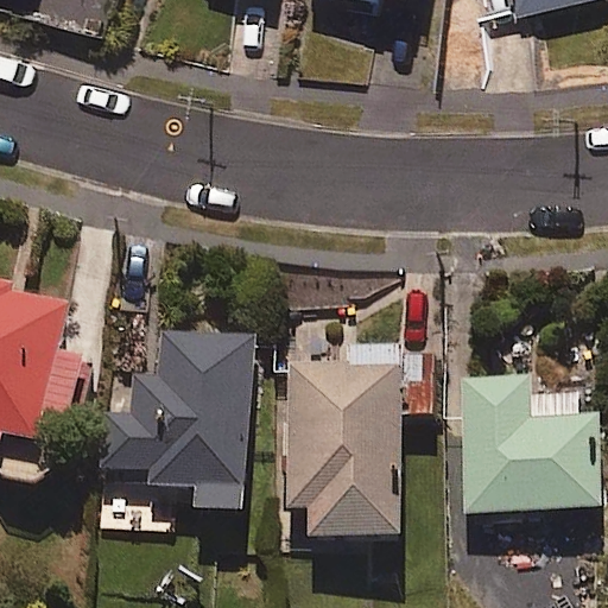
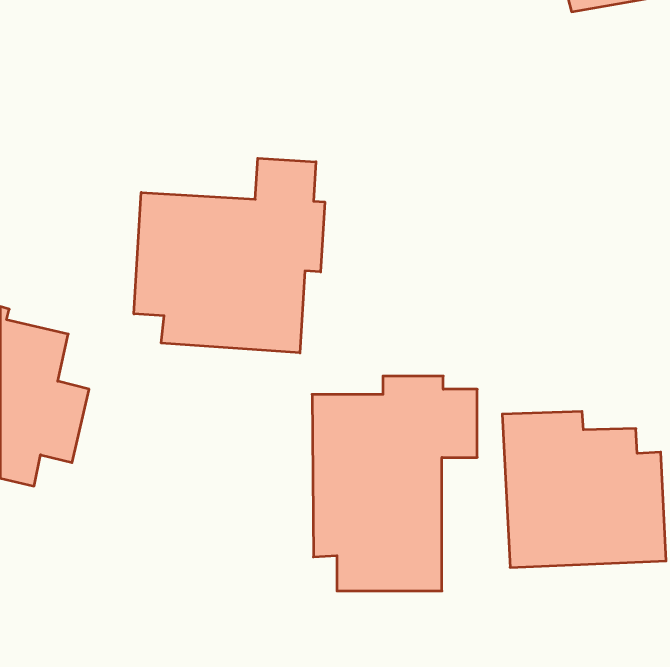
building: none -> [134,158,325,353]
building: [102,328,254,511] -> none

